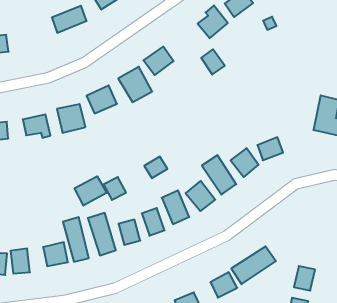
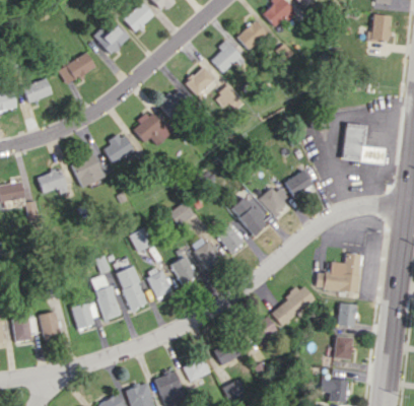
building: none -> [23,78,53,103]
building: none -> [185,67,215,95]
building: [75,176,107,206] -> none
building: none -> [316,253,362,292]

